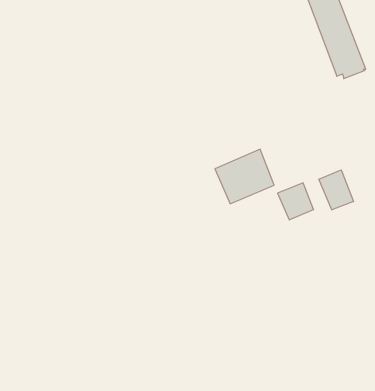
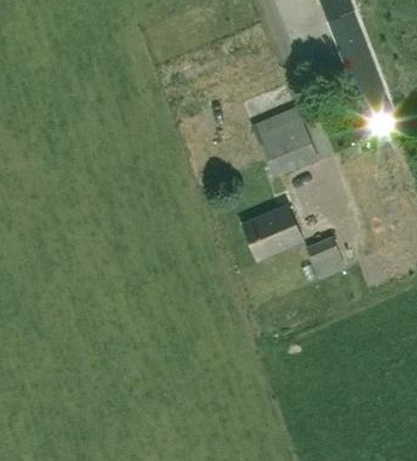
building: none -> [250,102,316,174]
building: [319,170,353,210] -> none

